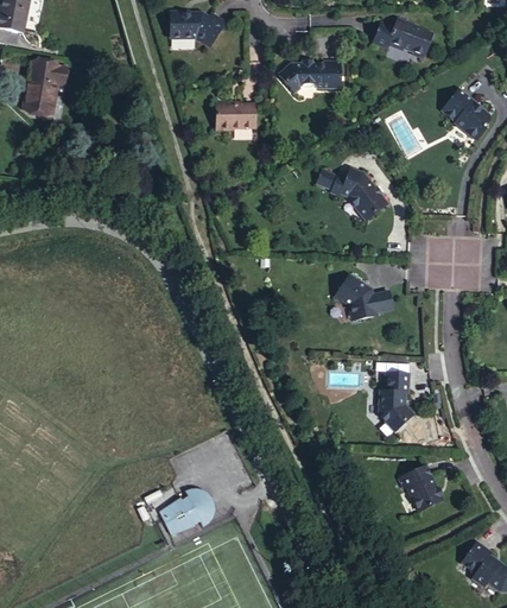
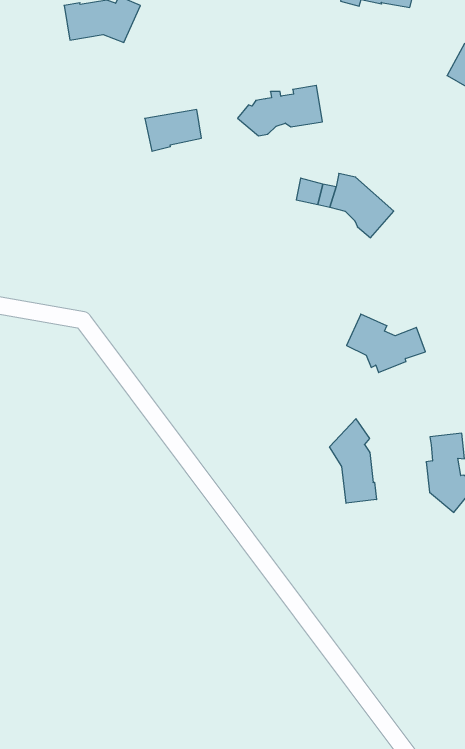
building: [278,59,340,90] -> [238,85,322,136]
building: none -> [330,419,377,503]
building: [159,488,214,534] -> none

